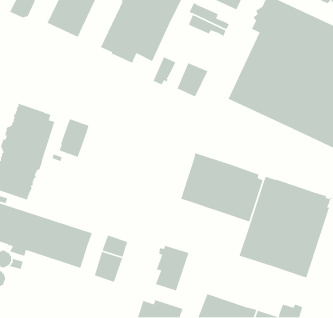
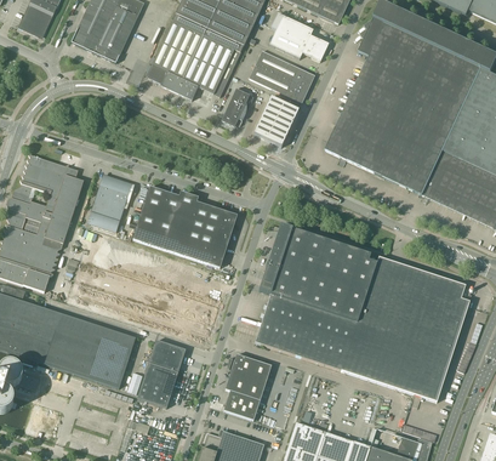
building: none -> [249,50,314,102]
building: none -> [132,186,236,267]
building: none -> [255,292,357,369]

